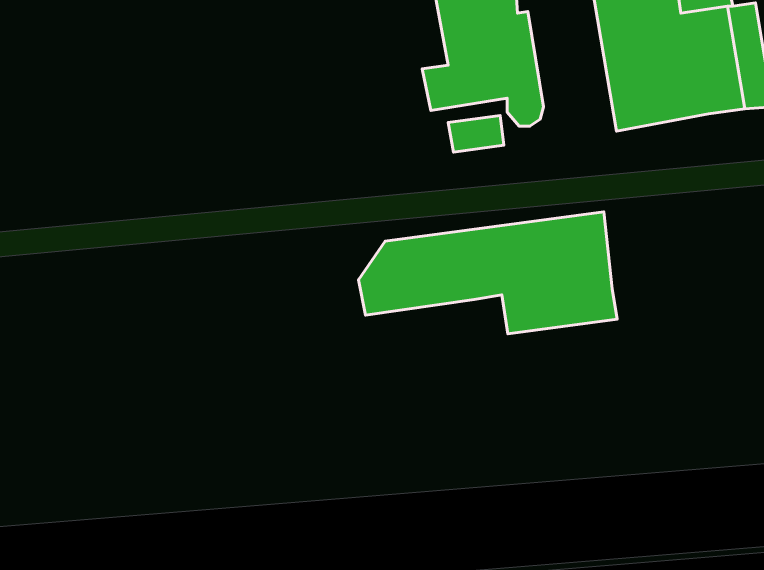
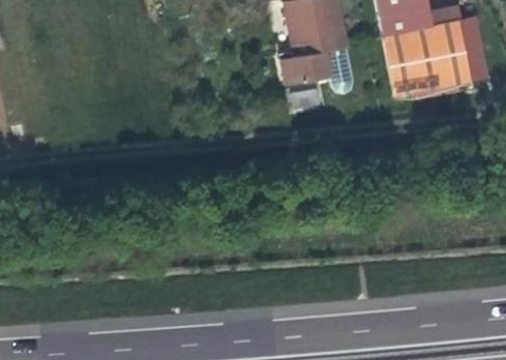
building: [358,212,617,334] -> none

